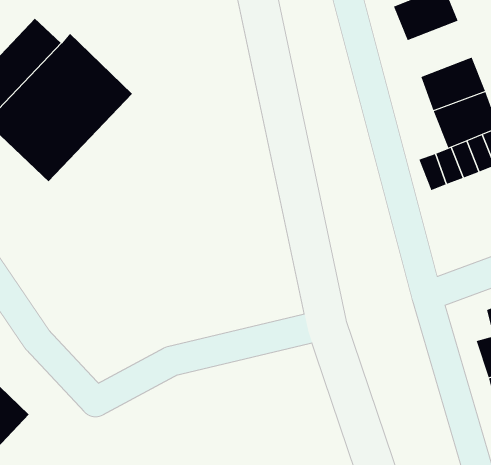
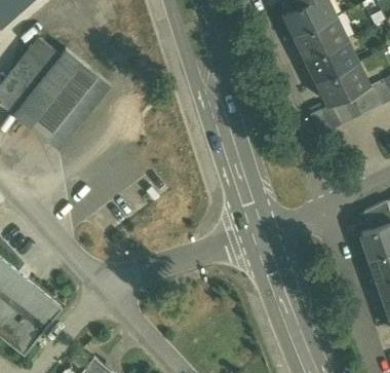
building: none -> [295,16,340,57]

